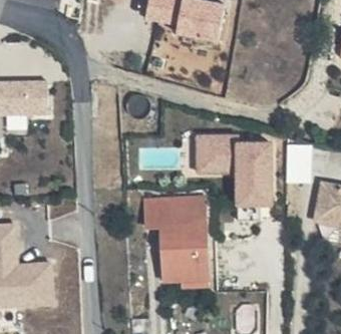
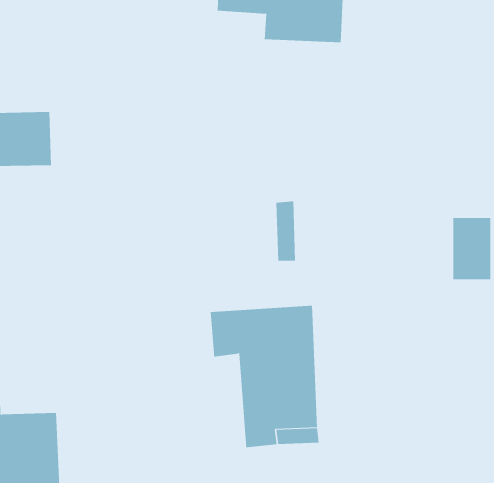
building: [197,135,272,221] -> none

